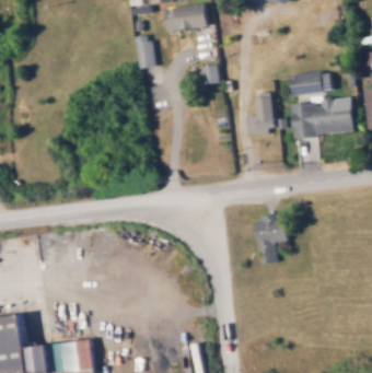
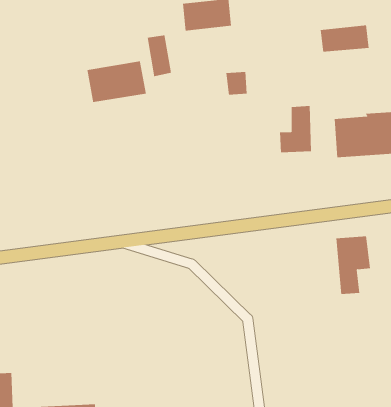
building: none -> [87,60,146,103]
building: [290,71,332,94] -> [320,25,370,52]
building: [256,214,286,264] -> [335,236,371,295]

